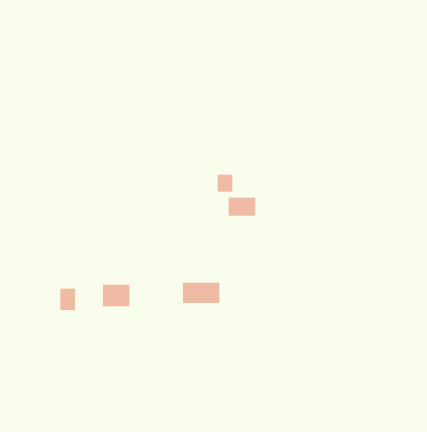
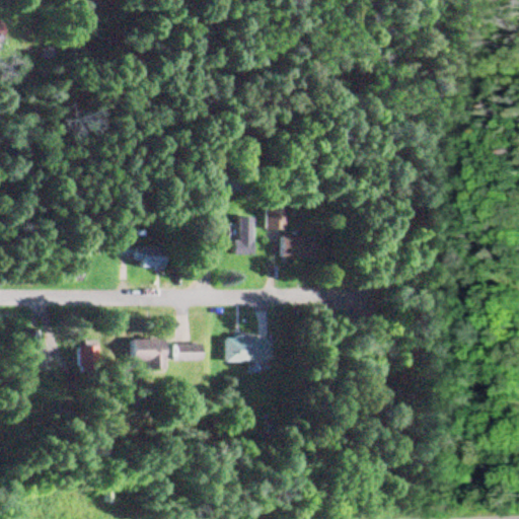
building: none -> [236,217,253,253]
building: none -> [120,237,164,267]
building: none -> [175,344,203,360]

